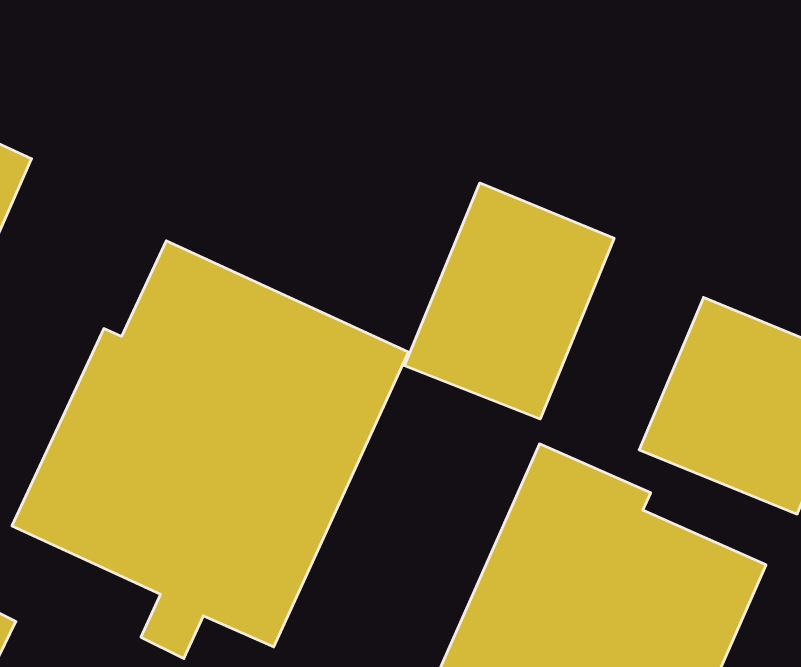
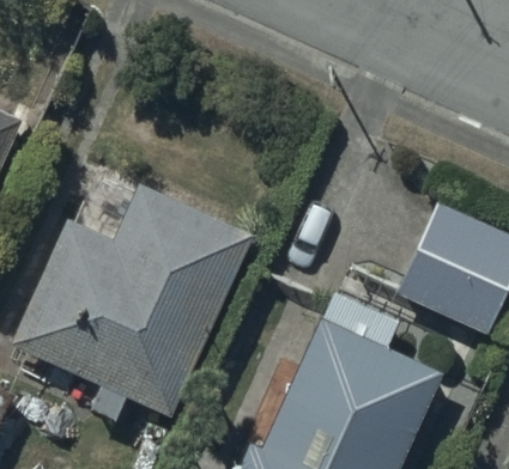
building: [404,183,614,419] -> none

